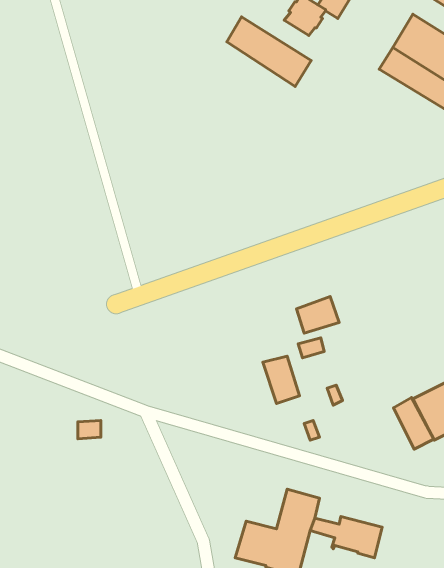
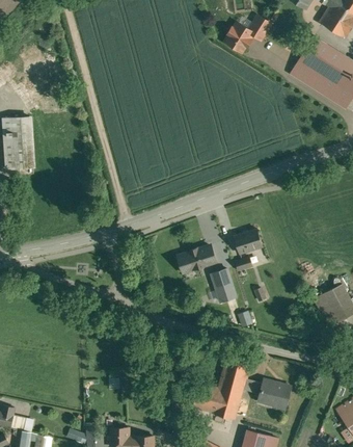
building: [227,17,311,86] -> none
building: none -> [179,245,216,272]
building: [394,398,434,449] -> none

